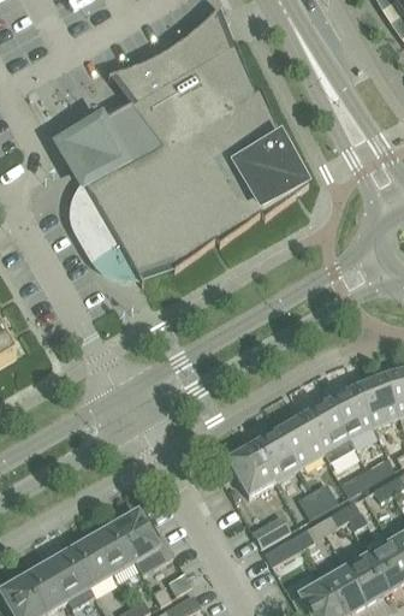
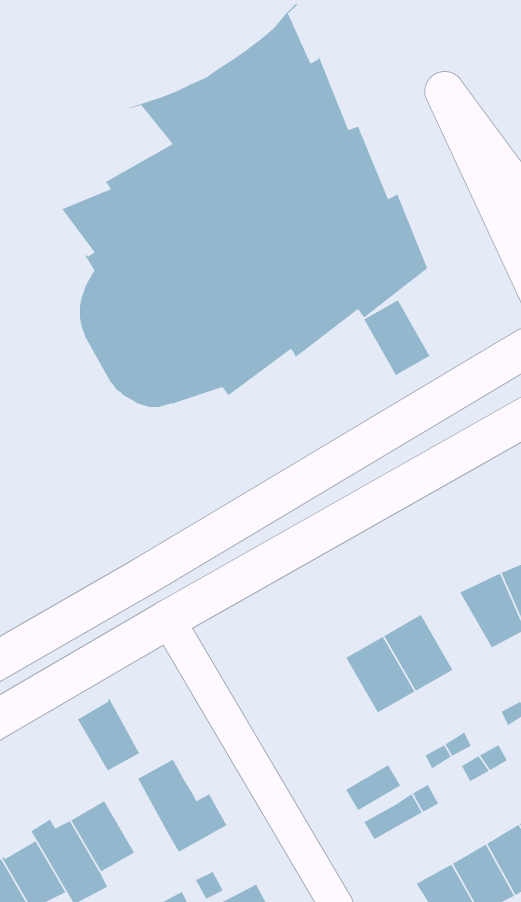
building: none -> [363,299,430,376]
building: [302,398,355,461] -> none
building: [221,442,273,494] -> none
building: [91,522,133,571] -> [77,697,140,772]

